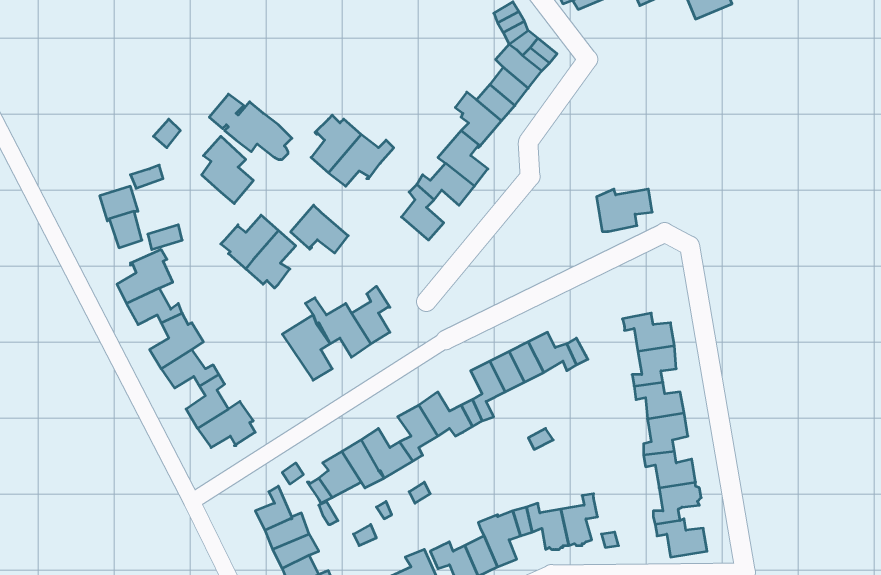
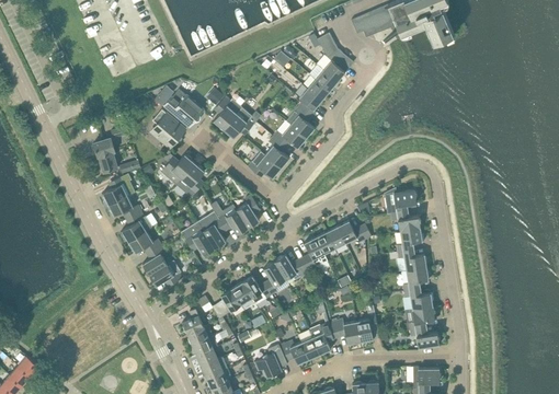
building: [597,189,652,231] -> [385,188,417,212]
building: [291,205,348,253] -> [248,150,281,177]
building: none -> [181,221,215,255]

